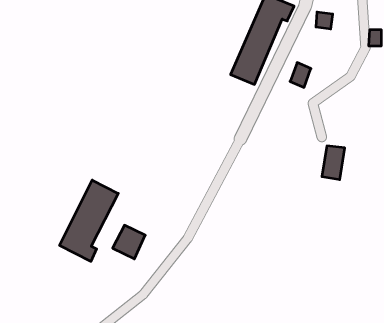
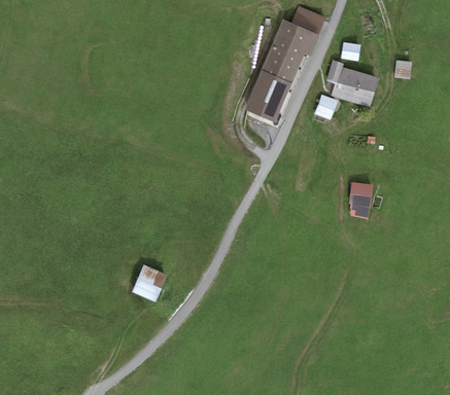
building: none -> [328,61,379,101]
building: [60,180,118,261] -> none

